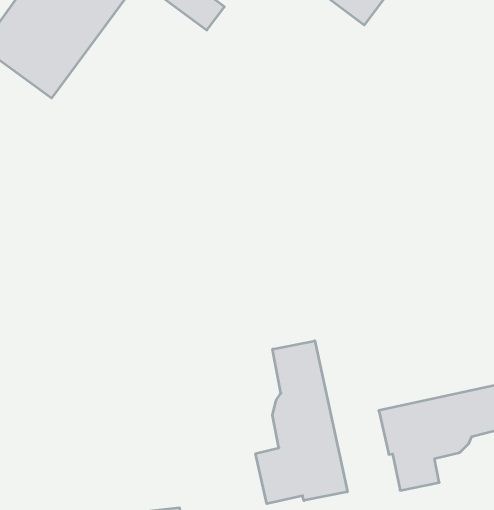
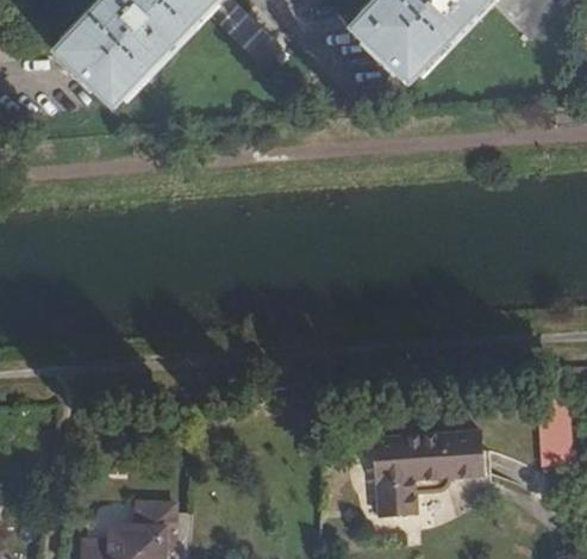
building: [256,341,347,504] -> none

